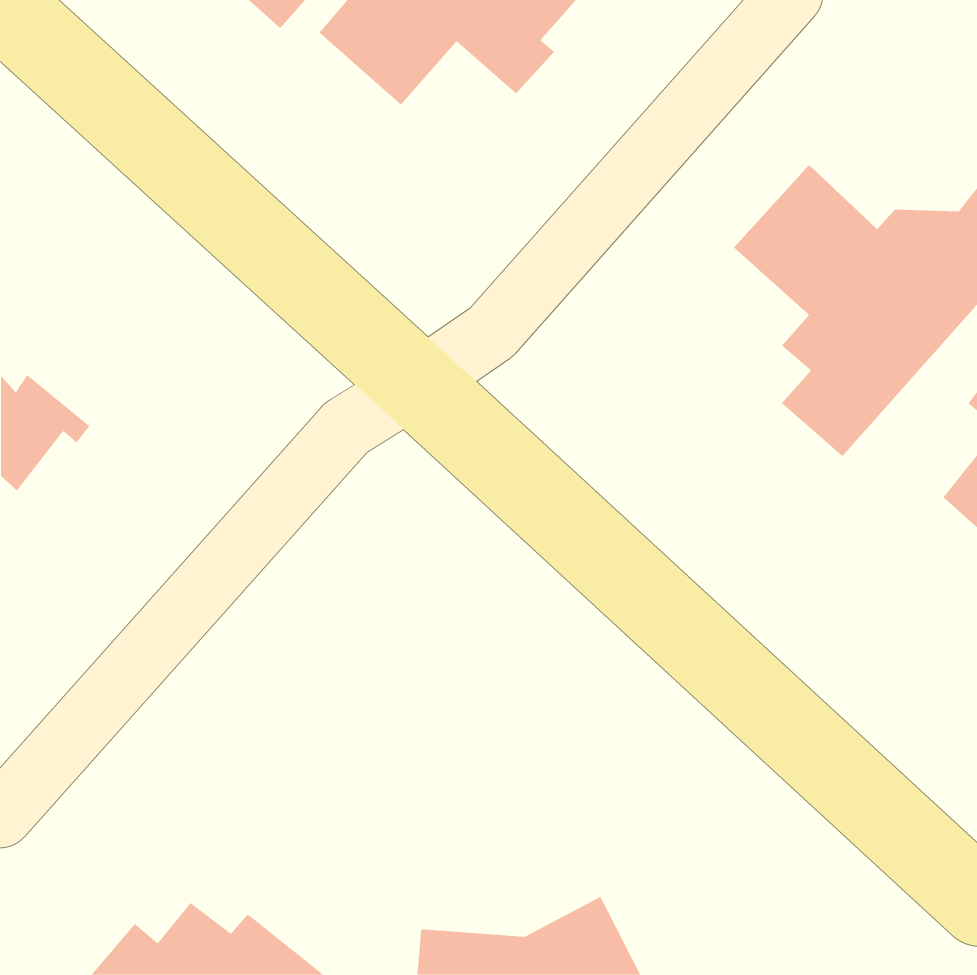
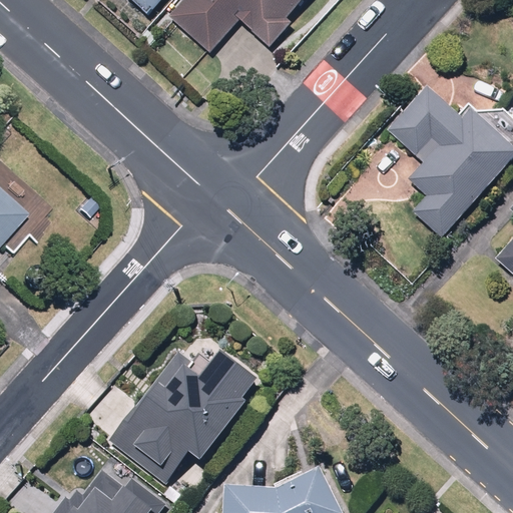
building: none -> [106,350,256,487]

